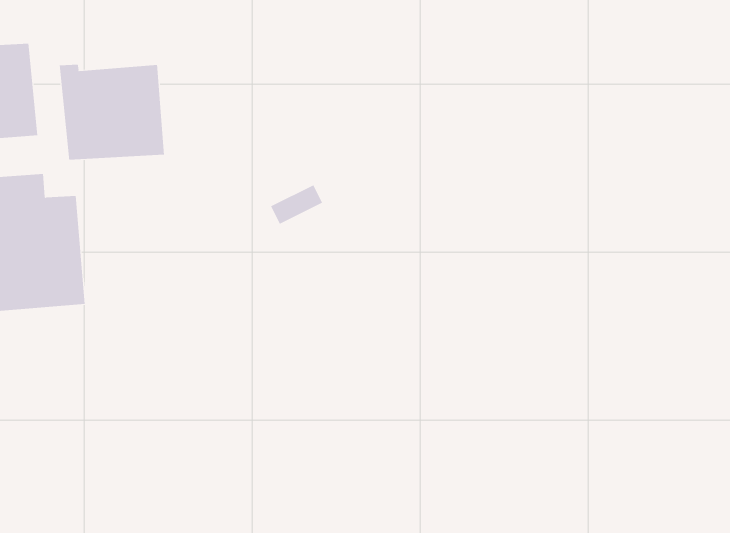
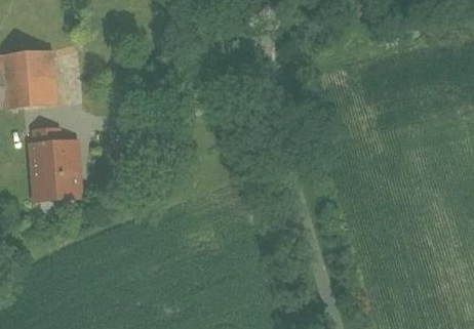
building: [59,64,165,160] -> none

